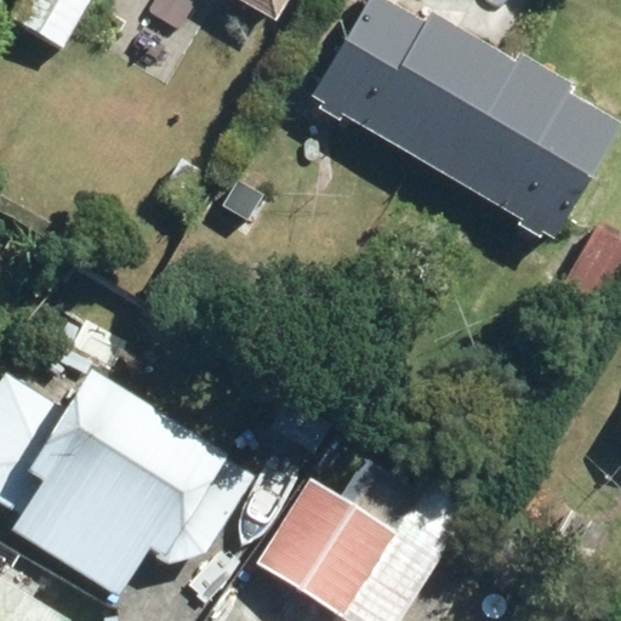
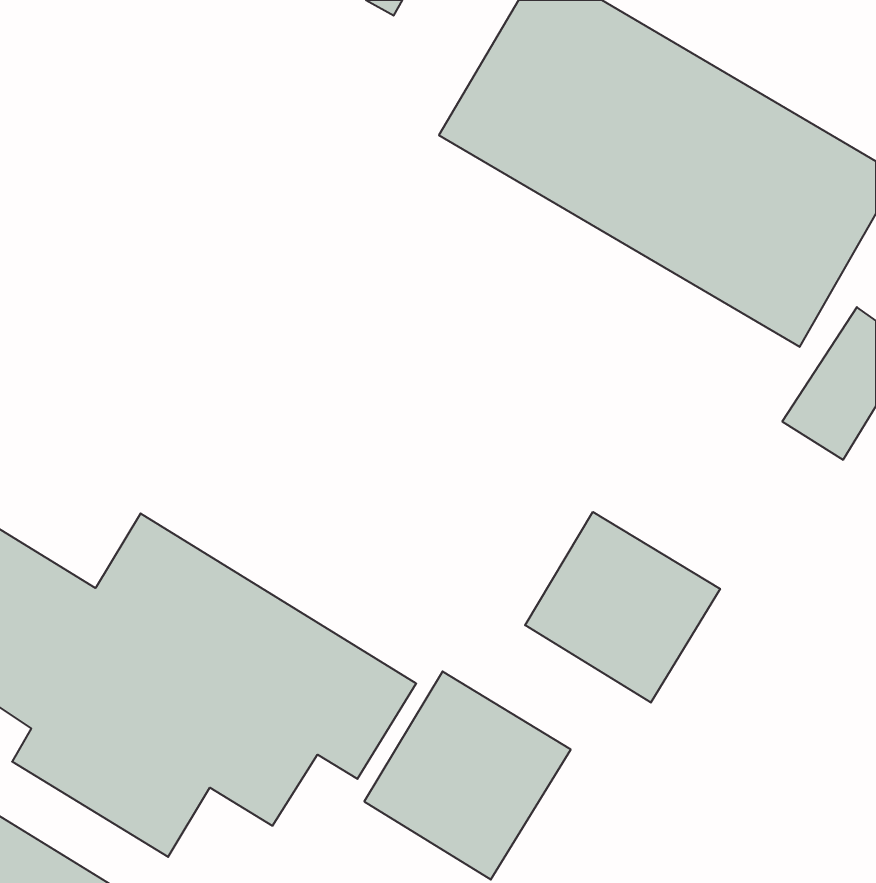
building: none -> [525,512,720,703]

